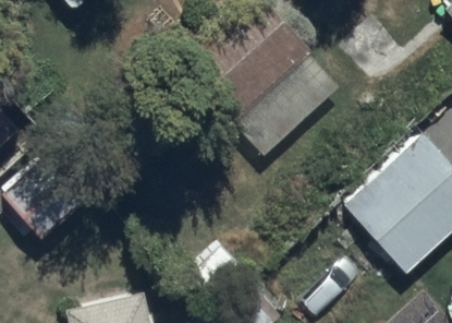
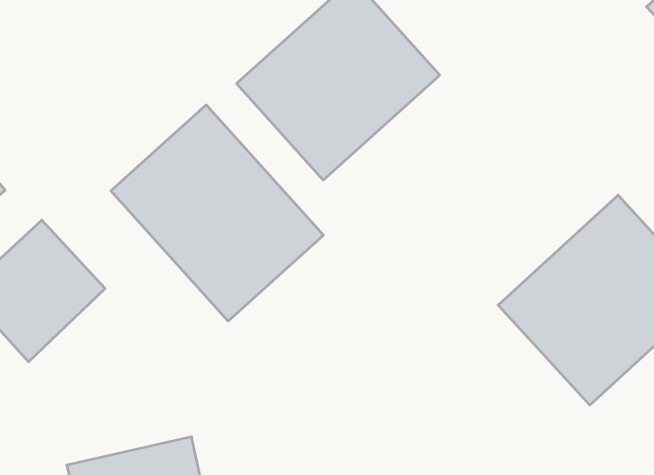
building: none -> [111,105,323,321]

